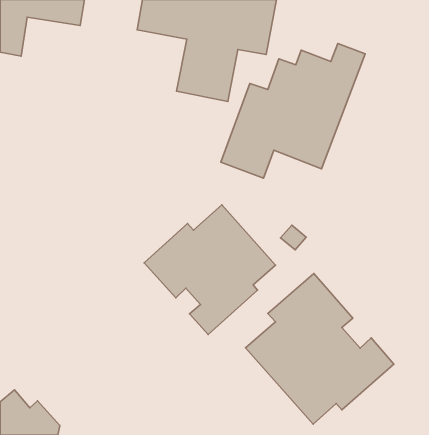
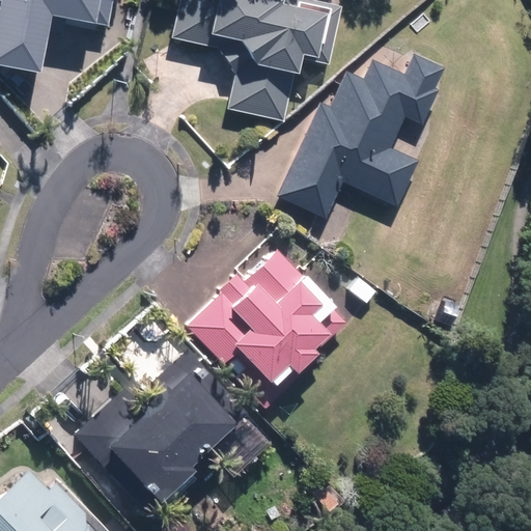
building: [246,273,394,424] -> none
building: none -> [77,371,241,505]

